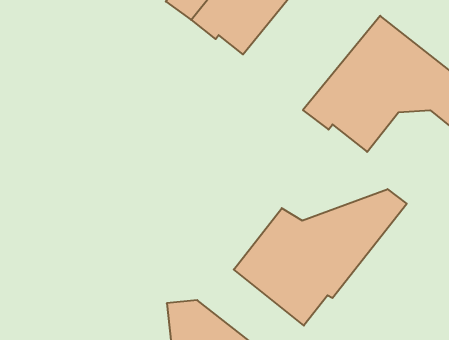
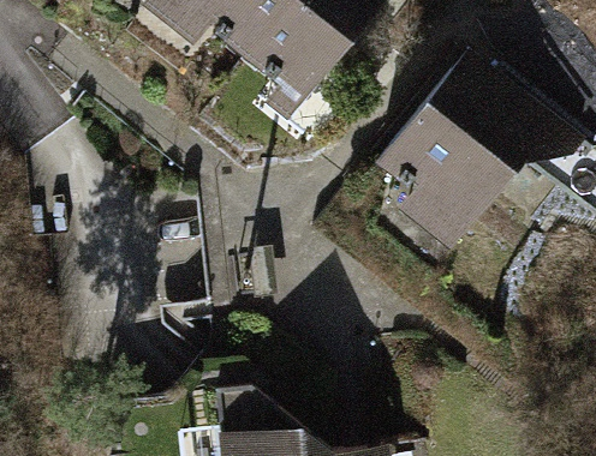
building: [234,189,407,326] -> none

